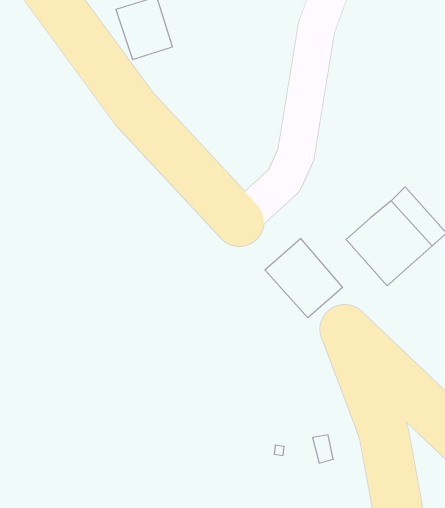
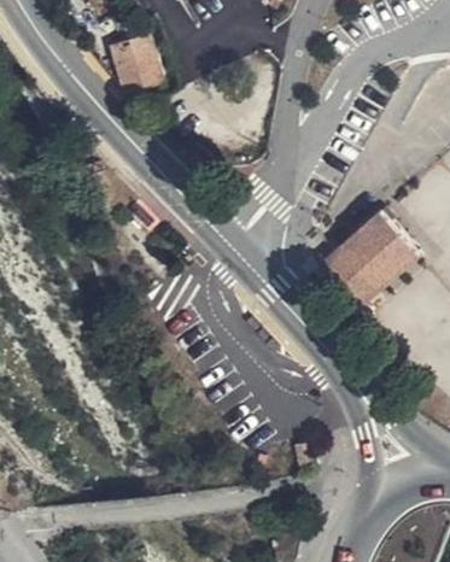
building: [265,238,343,318] -> none

